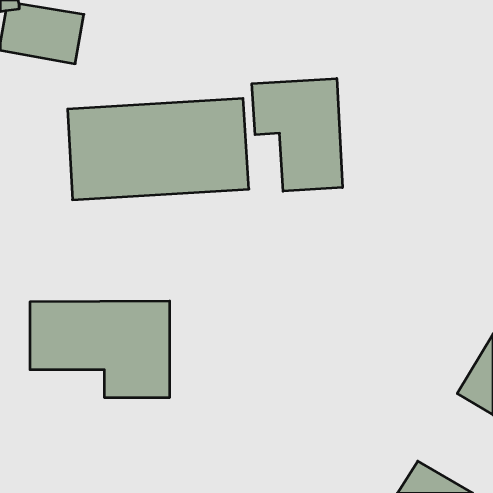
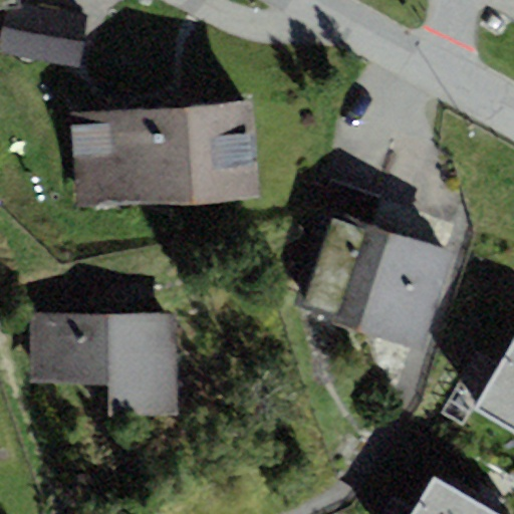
building: [252,78,342,191] -> none
building: none -> [295,210,455,349]

